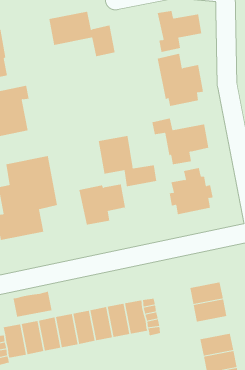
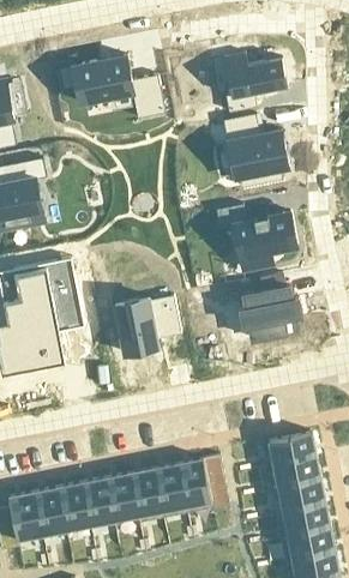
building: [98,135,157,187] -> none
building: [13,291,52,318] -> none
building: none -> [278,482,326,514]

